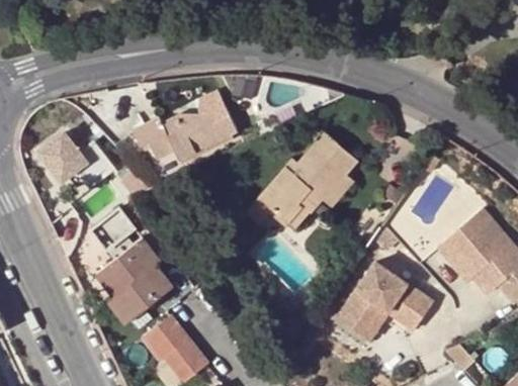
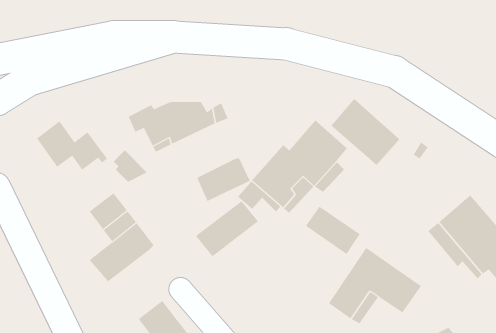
building: none -> [330,98,400,166]
building: none -> [197,157,251,202]
building: none -> [305,206,360,255]
building: [109,265,174,322] -> [195,200,259,257]

